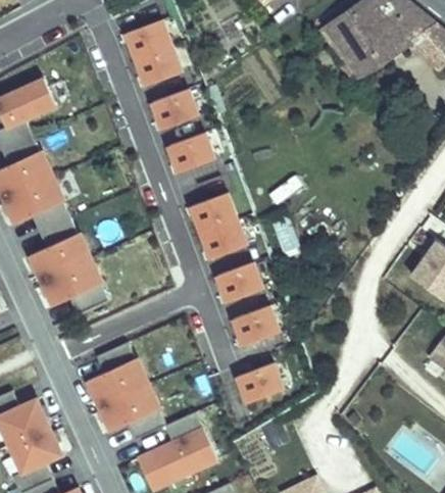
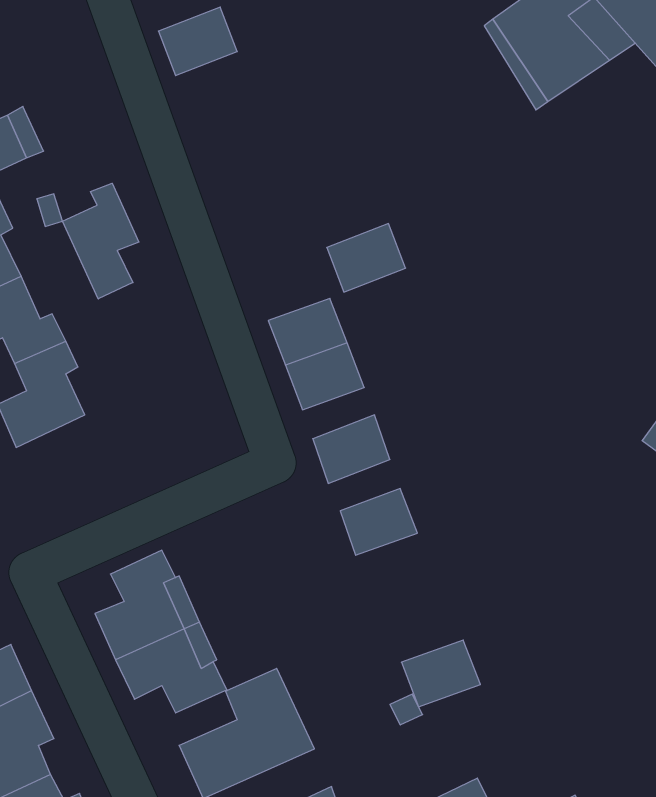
building: [135,45,182,86] -> none
building: [151,89,198,129] -> none
building: none -> [62,183,139,299]
building: [167,132,214,172] -> [327,224,406,292]
building: [40,261,107,314] -> none
building: [243,360,290,400] -> [401,640,480,707]

